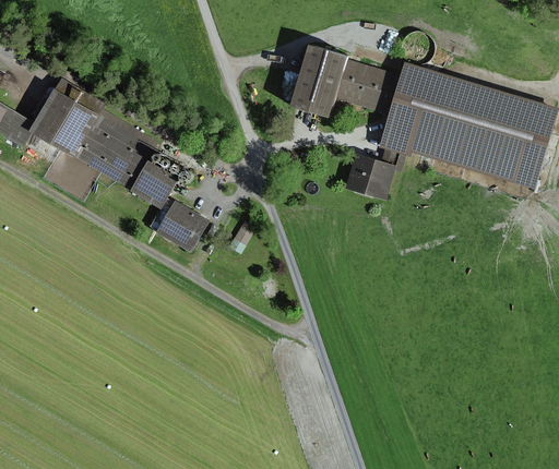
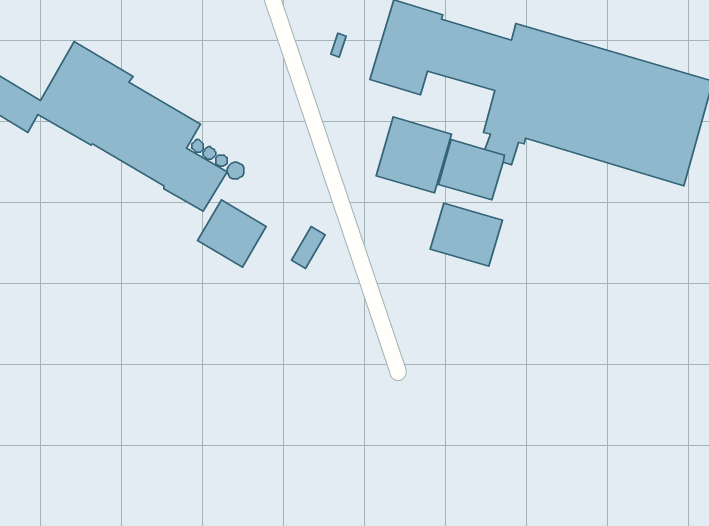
building: none -> [376,117,452,193]
building: none -> [430,203,502,266]

